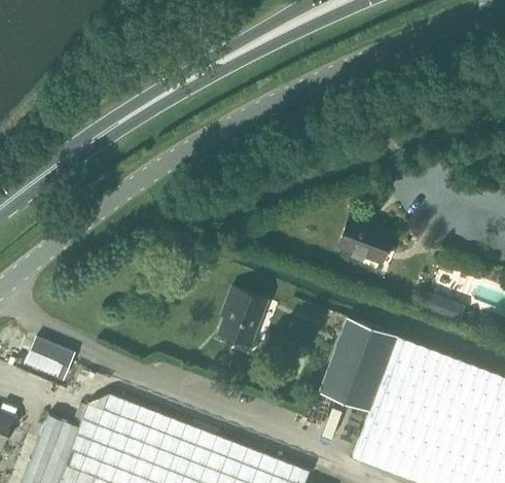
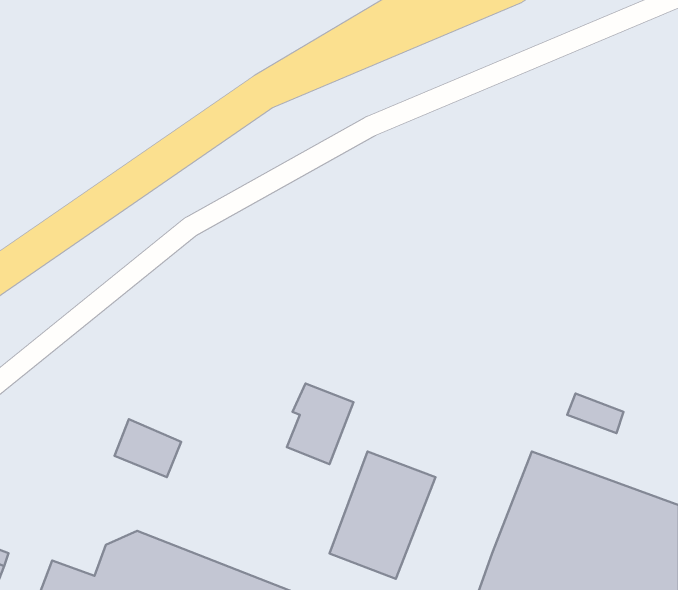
building: [337,216,394,265] -> none
building: [320,318,397,411] -> [329,452,436,579]
building: [26,338,74,380] -> [115,419,181,477]

